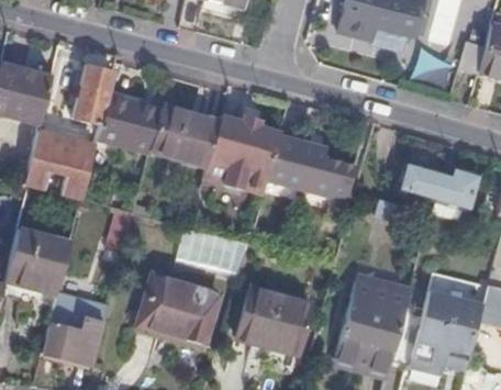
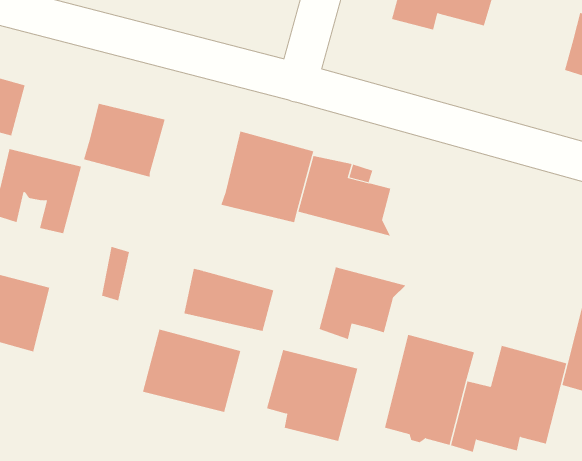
building: [409,51,450,85] -> none
building: [71,65,113,125] -> none
building: [149,107,220,167] -> none
building: [400,165,478,208] -> none
building: none -> [319,266,406,340]
building: [41,294,110,367] -> none

